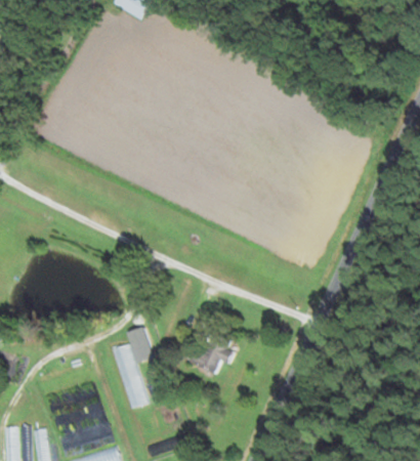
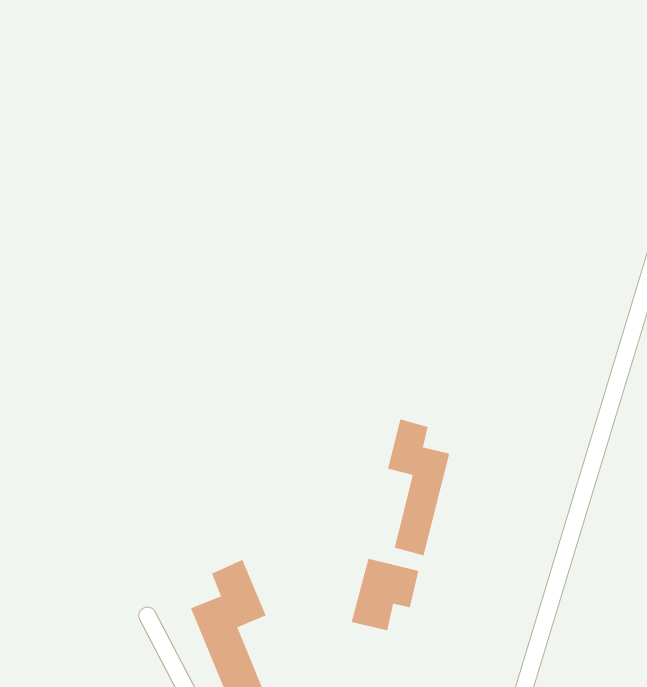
building: none -> [387,419,450,556]

